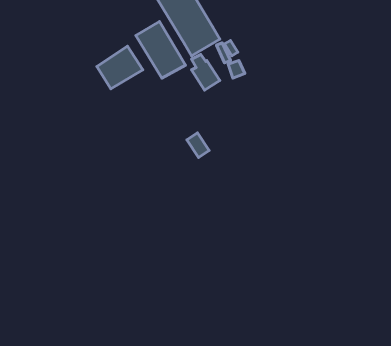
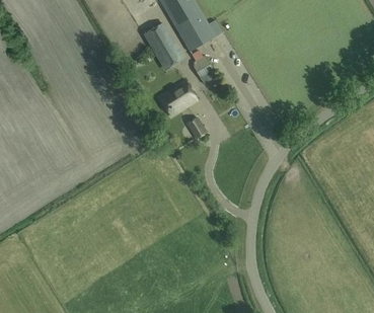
building: [97,46,143,89] -> [158,80,198,116]

